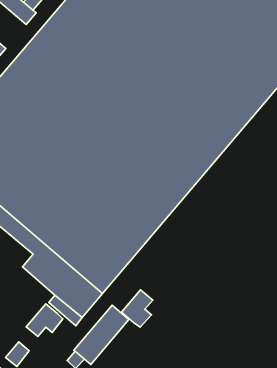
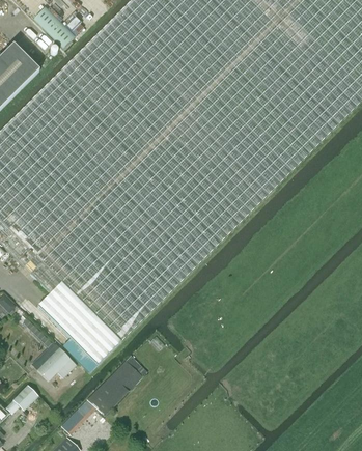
building: [121,290,153,327] -> none

